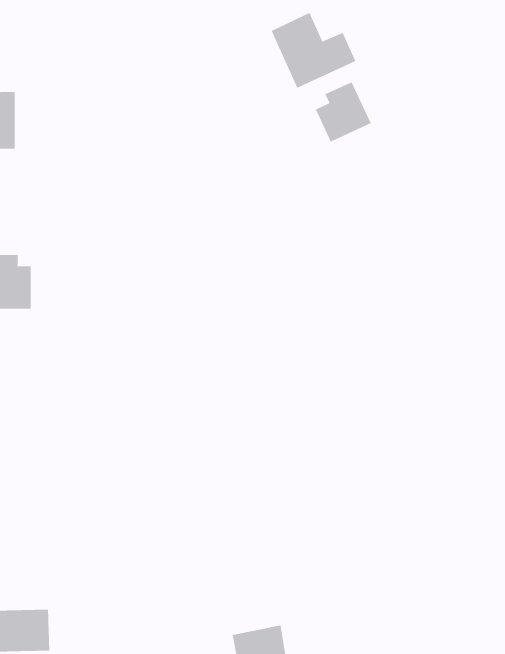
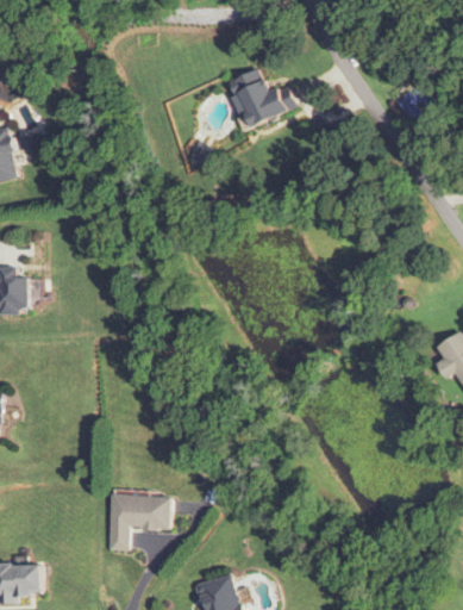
building: [315,81,371,142] -> none
building: none -> [110,492,171,549]

